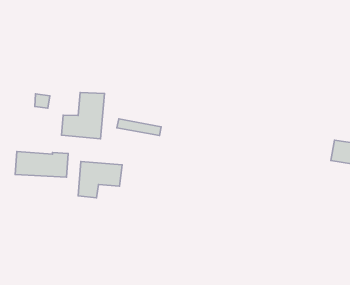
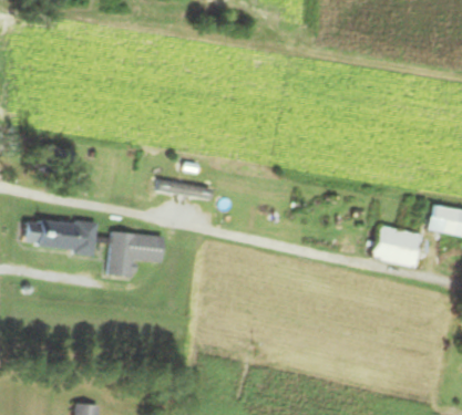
building: [62,93,104,139] -> none
building: none -> [370,225,421,267]

